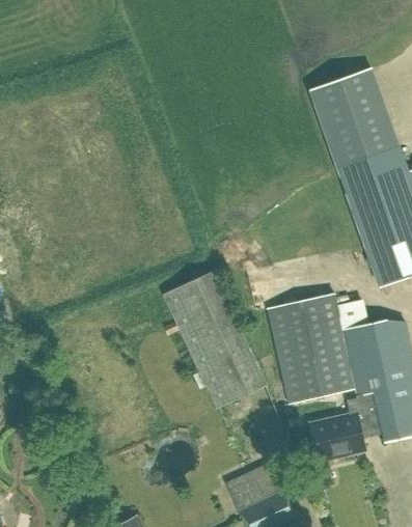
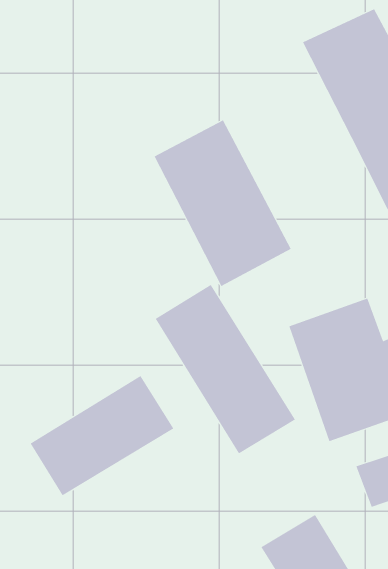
building: none -> [154,120,291,287]
building: none -> [30,375,174,496]

